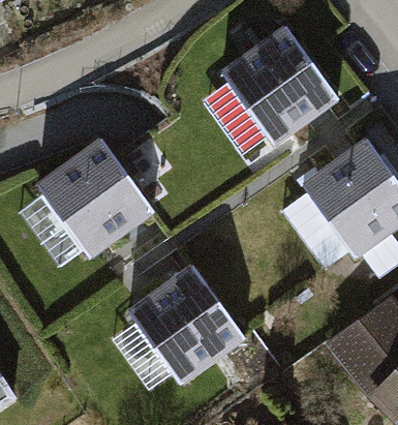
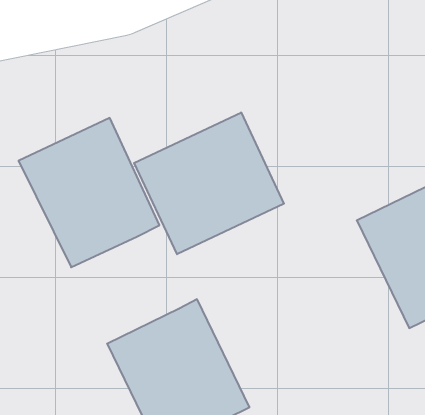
building: [219,30,337,150] -> none
building: none -> [134,112,284,254]

